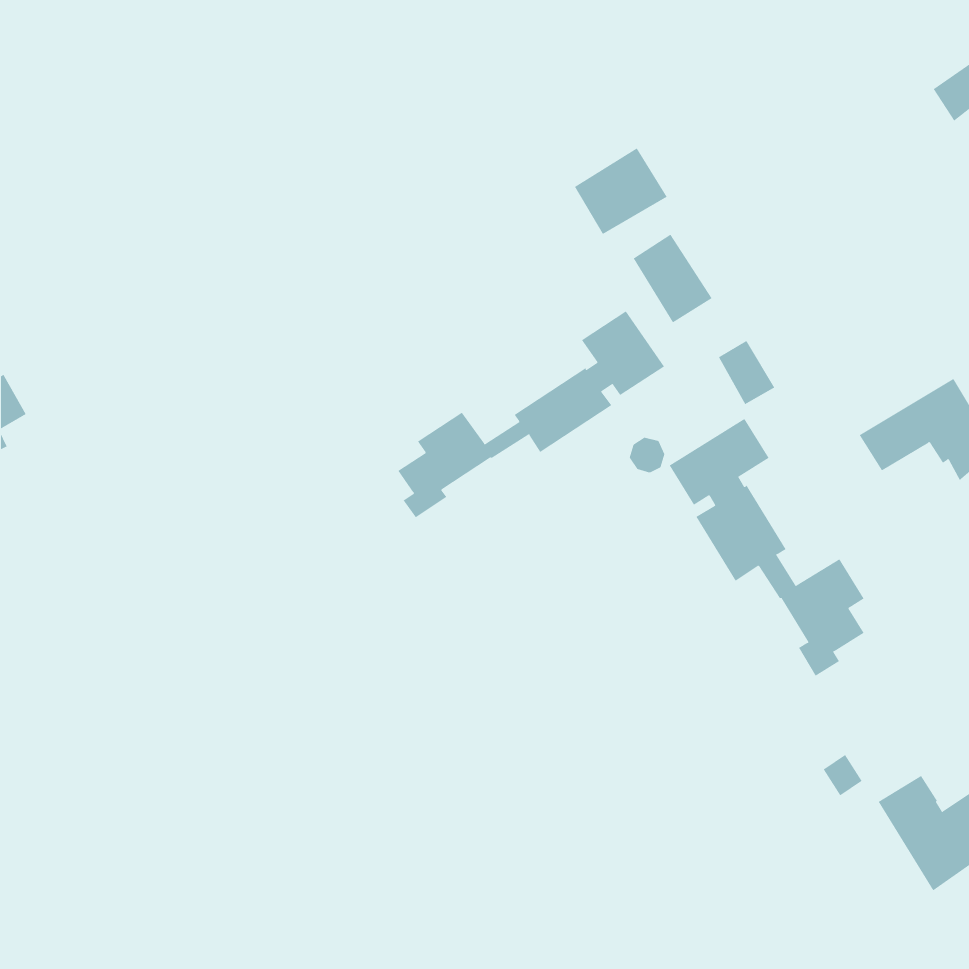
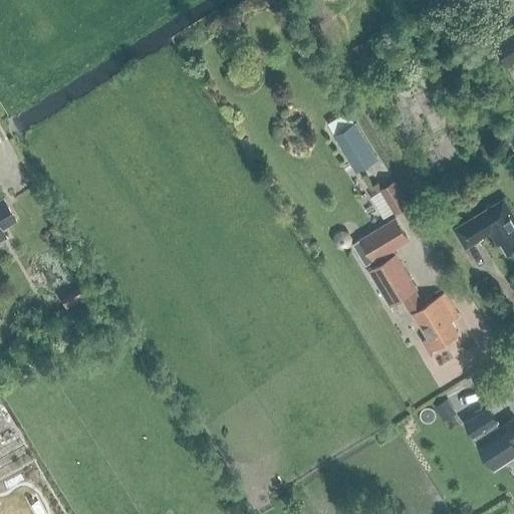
building: [574,148,668,235] -> none
building: [398,310,665,518] -> none

